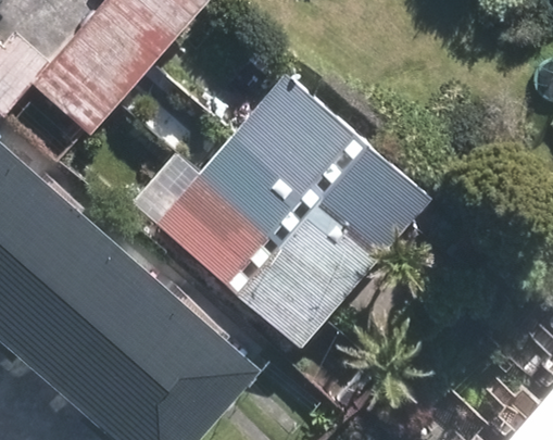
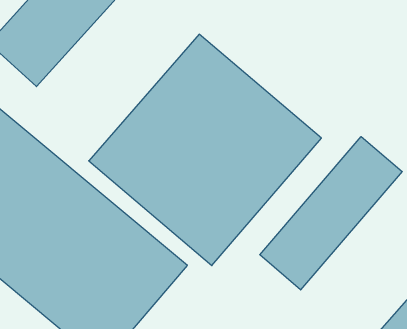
building: none -> [260,137,402,290]

